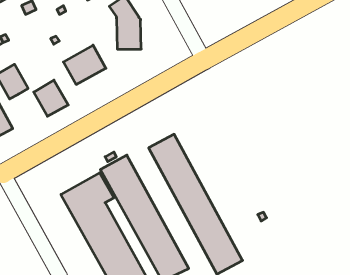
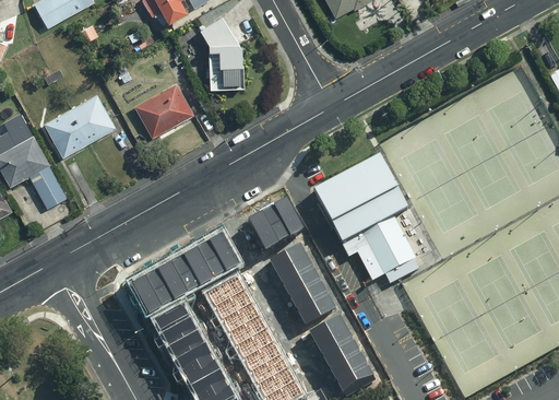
building: [34,80,68,116] -> [70,94,117,143]
building: none -> [313,157,415,285]

